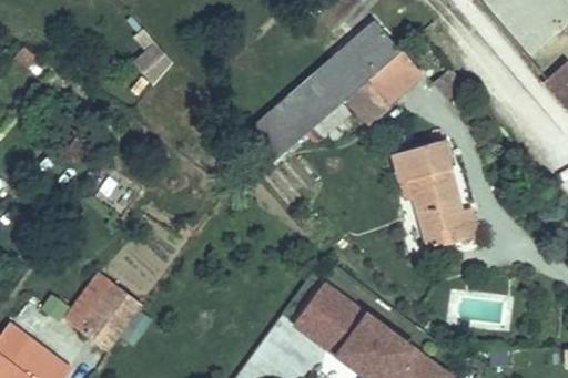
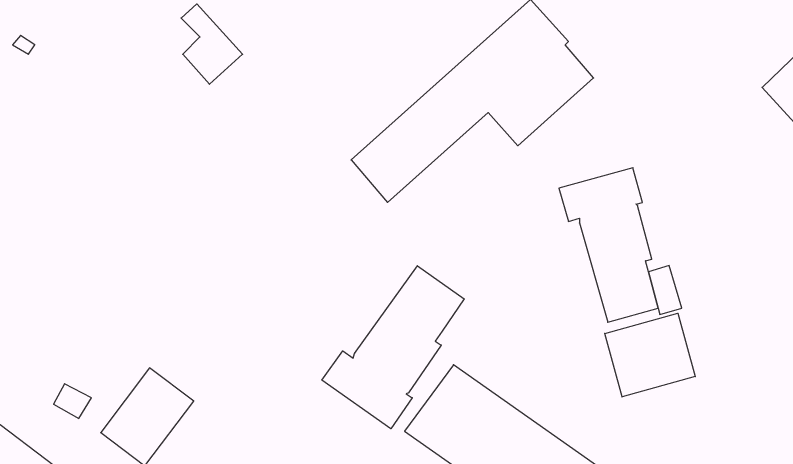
building: none -> [322,266,464,429]
building: none -> [605,313,695,397]

